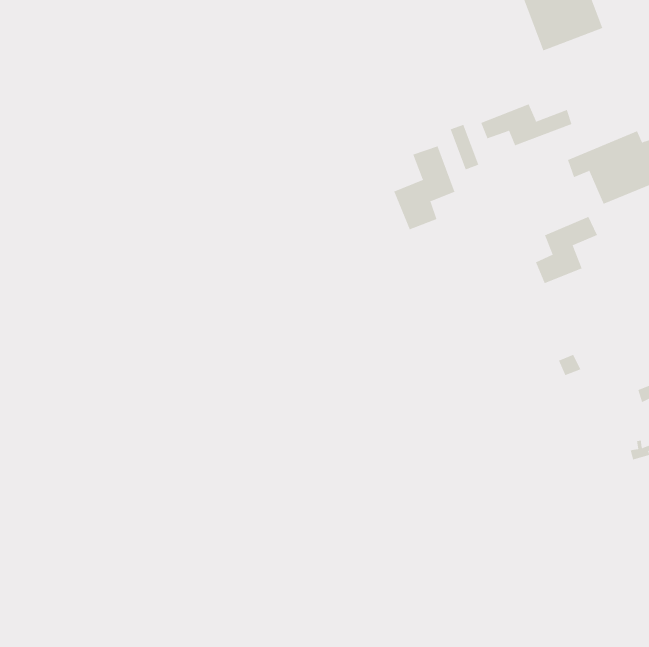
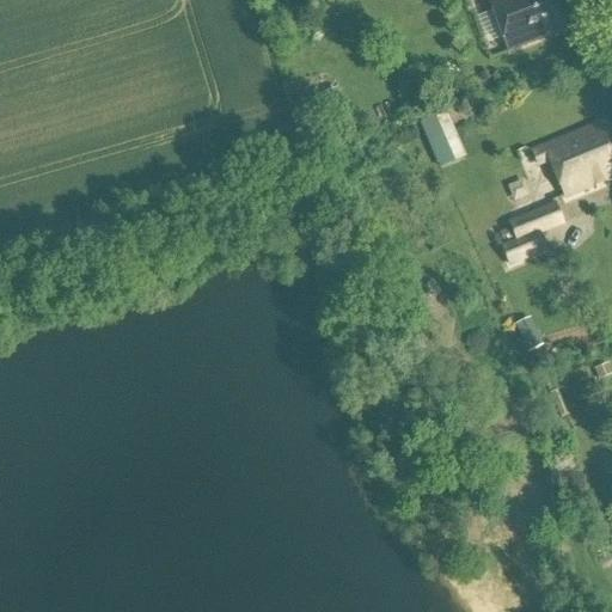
building: [480,103,572,146] -> none
building: [393,145,455,230] -> none

